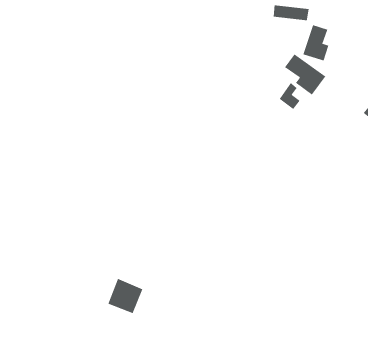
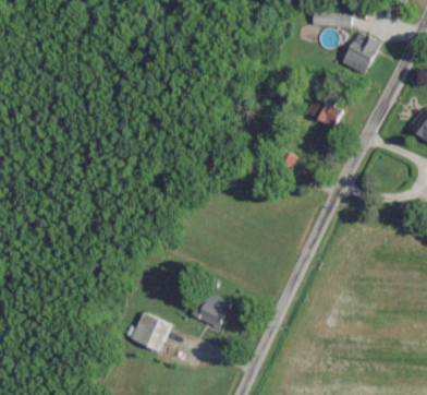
building: [284,53,326,96] -> none
building: none -> [199,295,229,328]

